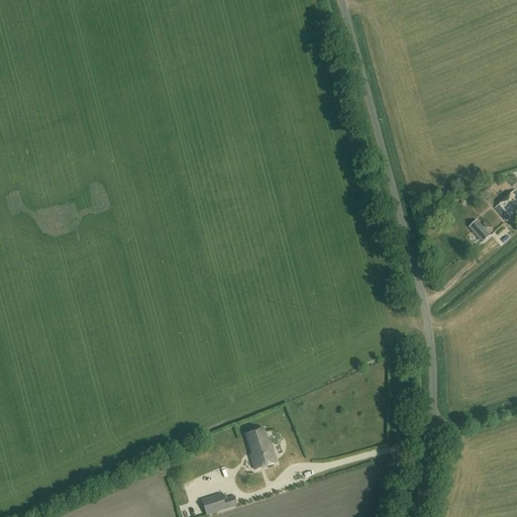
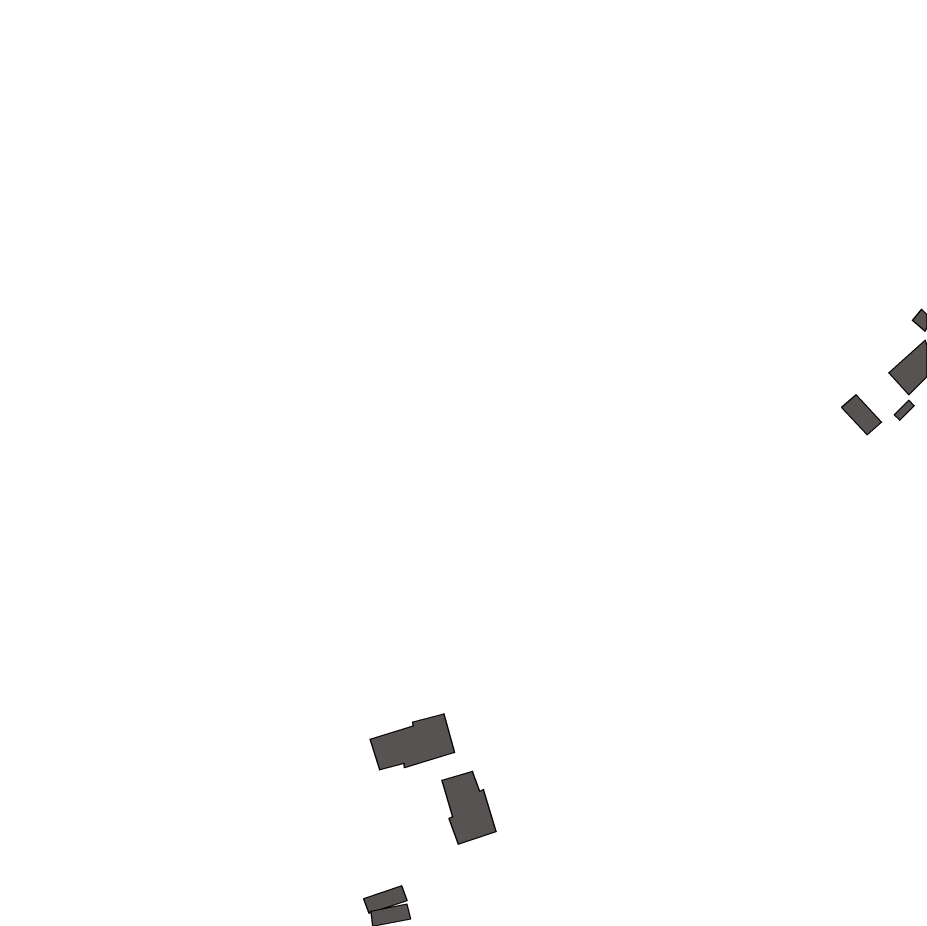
building: none -> [370,714,454,770]

